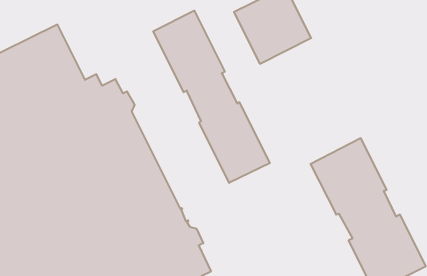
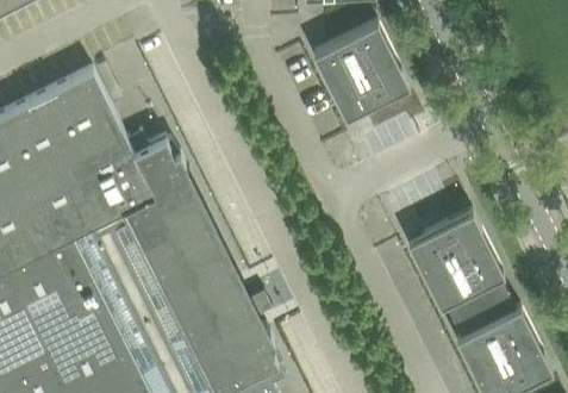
building: [153,11,270,183] -> none

